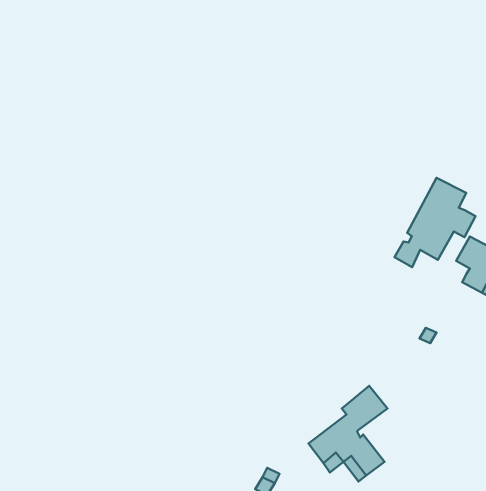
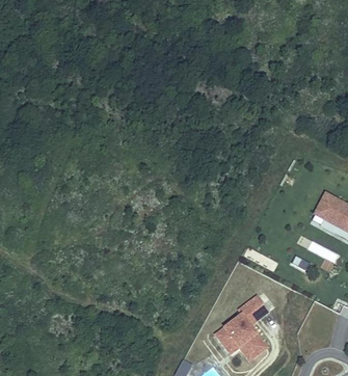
building: [395,178,475,267] -> none

